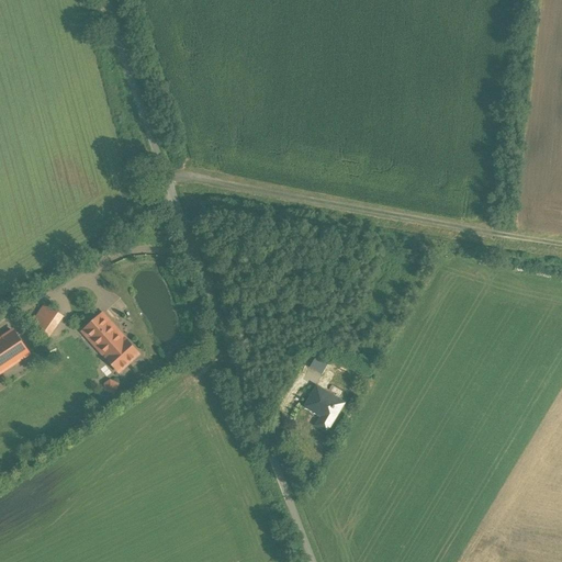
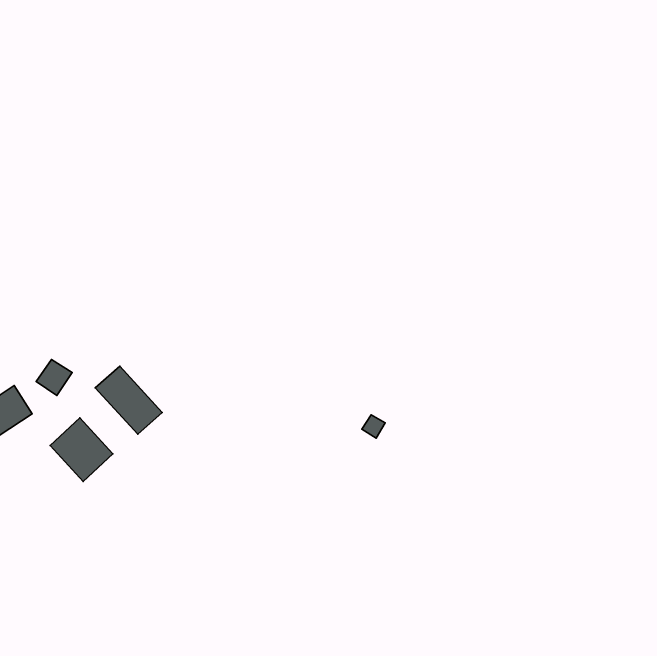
building: none -> [50,418,113,481]
building: [304,385,341,429] -> none

